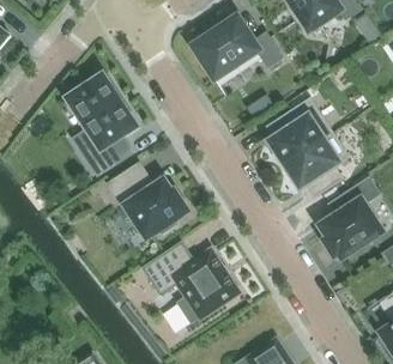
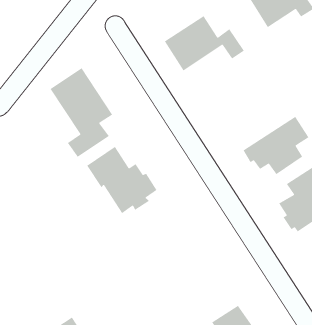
building: [268,95,339,168] -> none
building: [144,243,241,323] -> none

